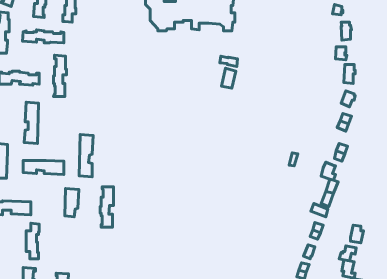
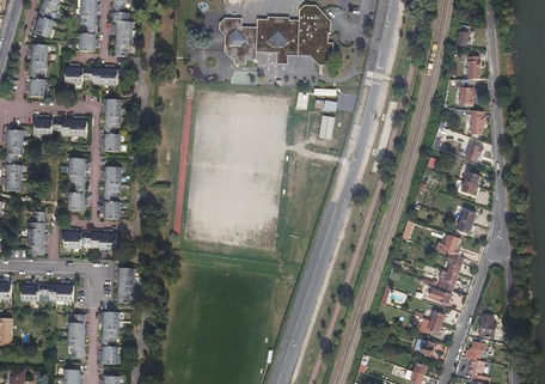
building: [79,134,93,177] -> [102,165,120,219]
building: [100,187,113,227] -> [102,311,118,362]

